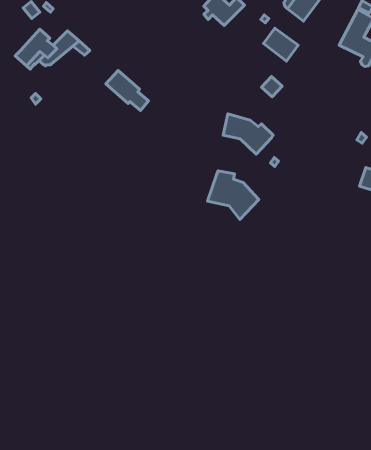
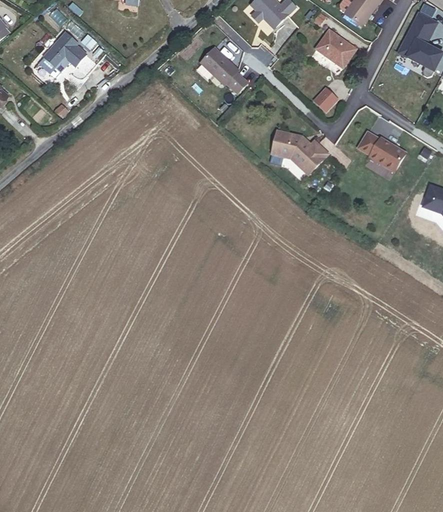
building: [106,70,149,111] -> [197,51,245,96]
building: none -> [358,128,405,168]
building: [207,171,259,220] -> none

